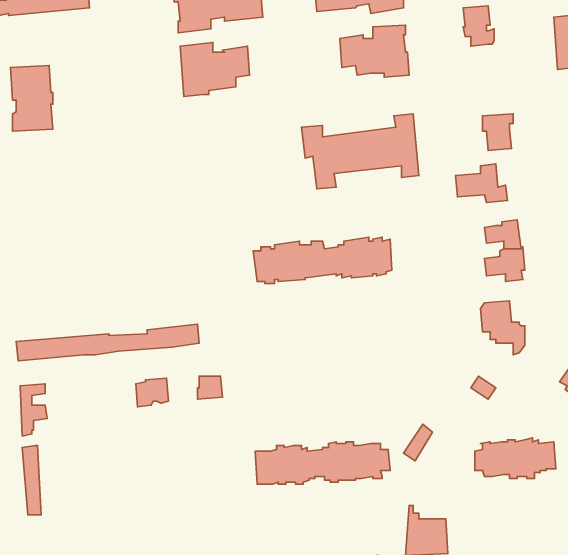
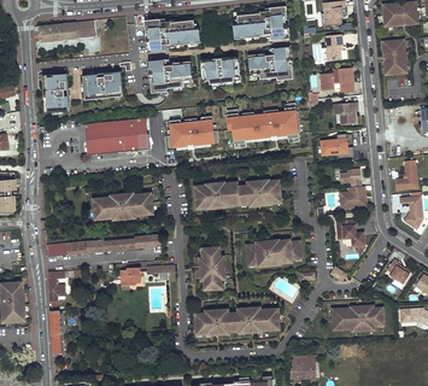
building: none -> [200,57,240,83]
building: none -> [319,69,353,92]
building: none -> [82,71,122,99]
building: none -> [166,112,221,147]
building: none -> [84,118,147,154]
building: none -> [93,193,153,220]
building: none -> [246,240,301,267]
building: none -> [200,247,224,290]

